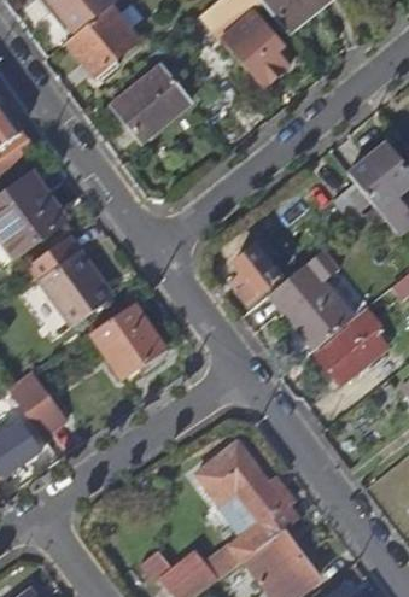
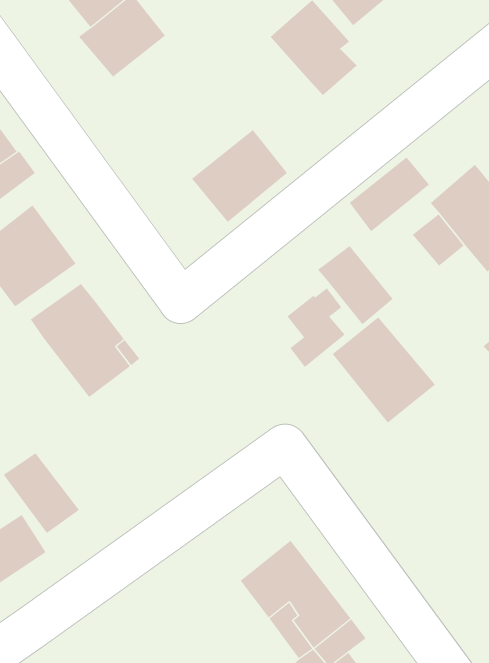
building: [112,65,189,140] -> [191,129,288,223]
building: none -> [349,157,430,232]
building: none -> [317,245,393,325]
building: [89,303,164,377] -> none
building: [315,316,386,385] -> none

